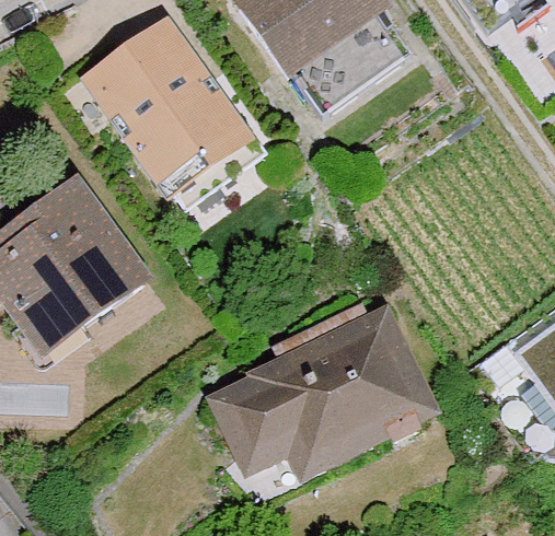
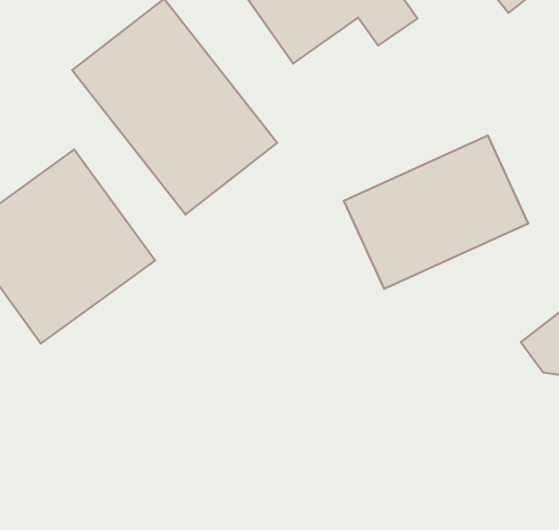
building: none -> [344,135,528,289]
building: [215,308,427,467] -> none

